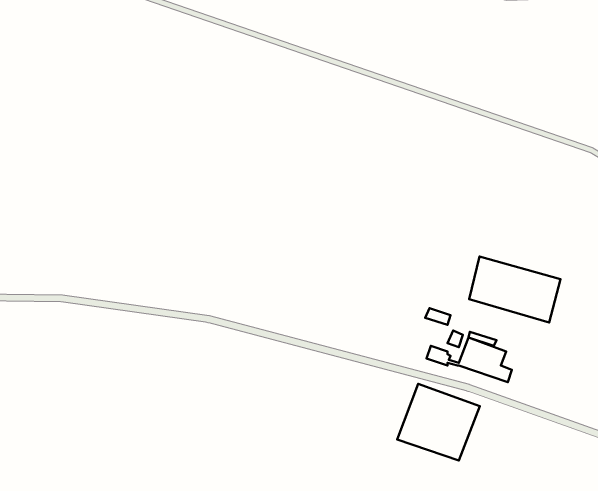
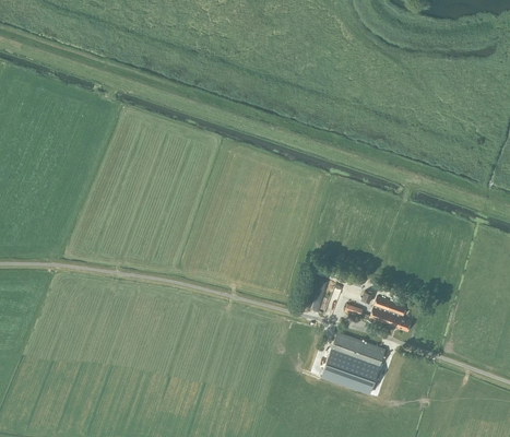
building: [469,256,561,323] -> none

